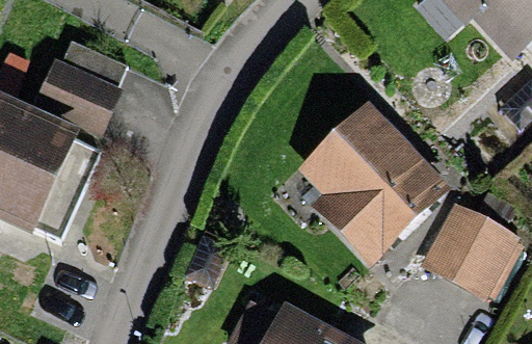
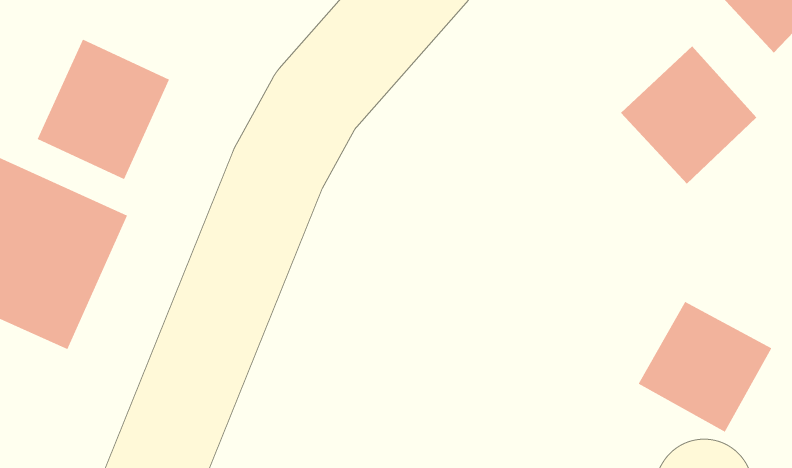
building: none -> [620,45,757,184]
building: [308,111,442,252] -> none

